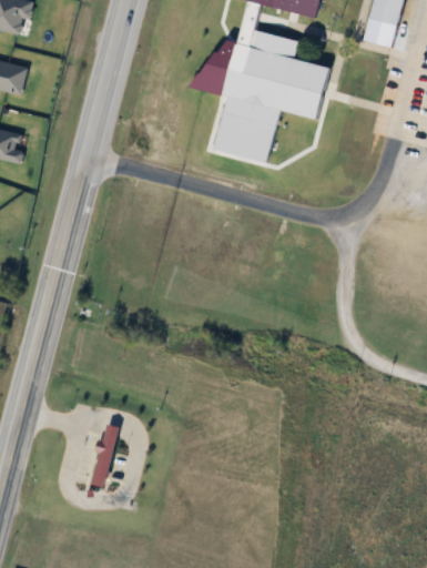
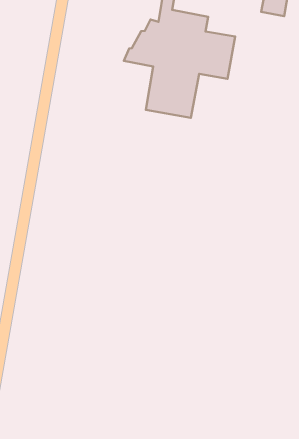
building: [90,424,119,487] -> none

